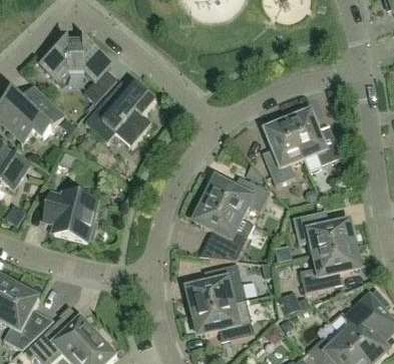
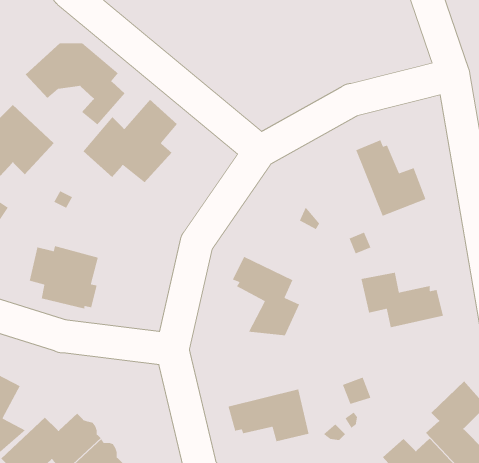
building: [266,119,309,183] -> none
building: [206,178,271,217] -> none
building: [301,244,359,291] -> none
building: [188,263,247,311] -> none

